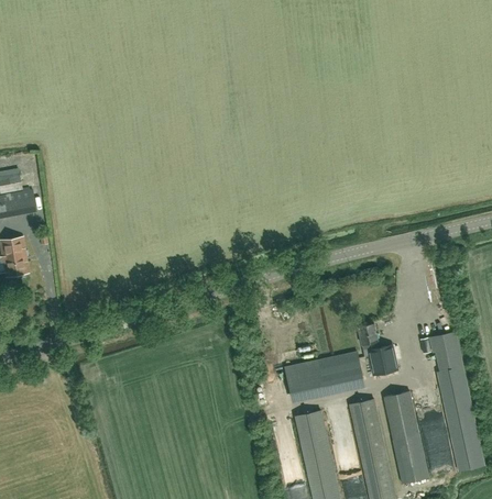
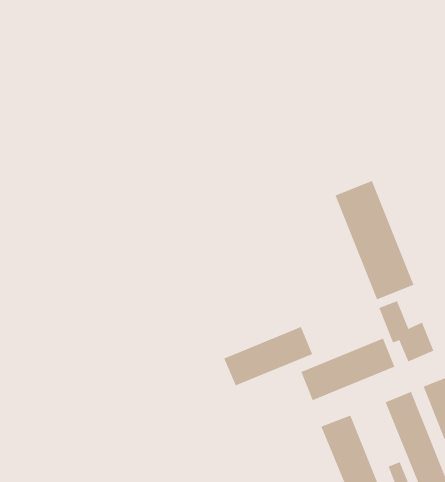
building: none -> [335,180,414,300]
building: none -> [223,326,313,386]

